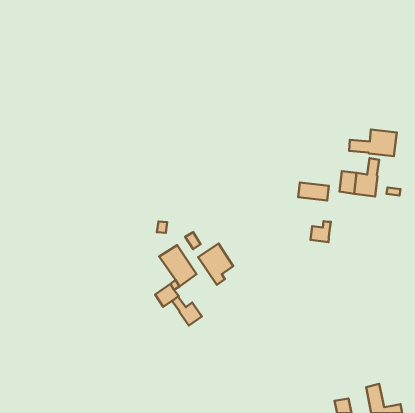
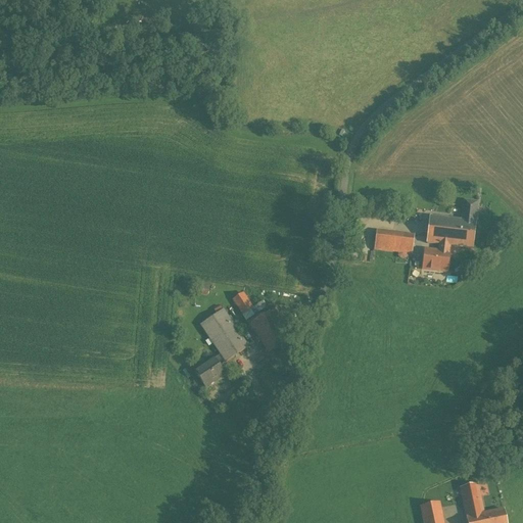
building: [349,130,397,156] -> none
building: [311,221,331,242] -> [424,243,449,270]
building: [172,297,202,326] -> none

